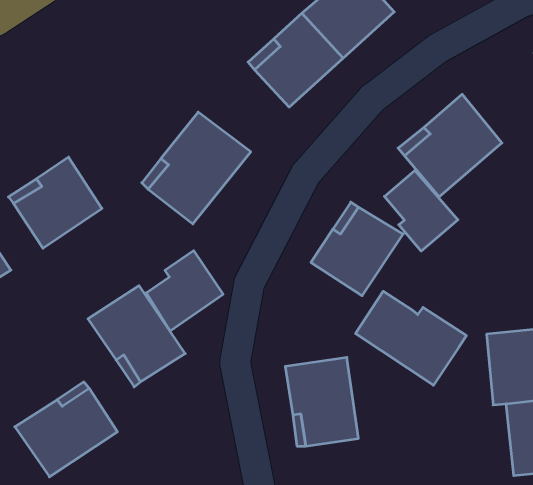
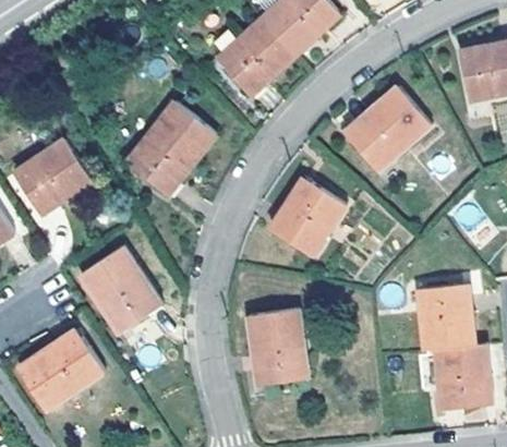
building: [384,170,458,251] -> none
building: [146,251,223,331] -> none
building: [356,291,466,385] -> none

